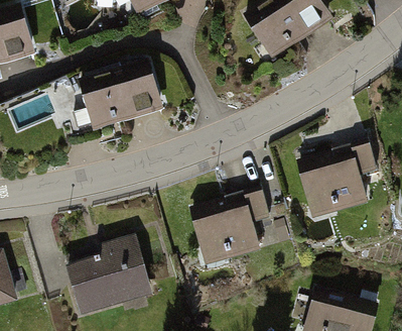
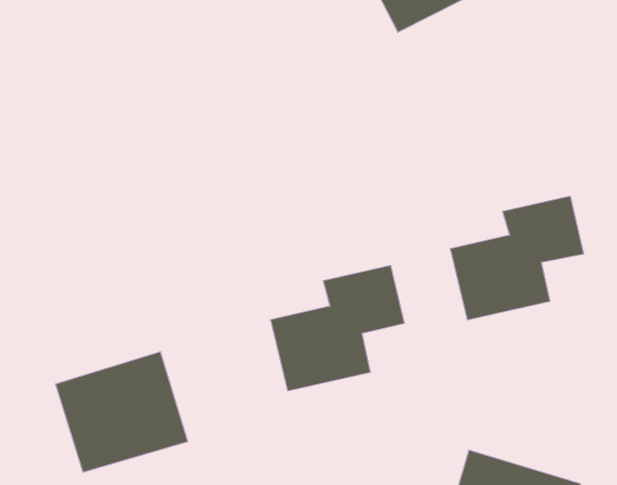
building: [79,51,157,118] -> none

